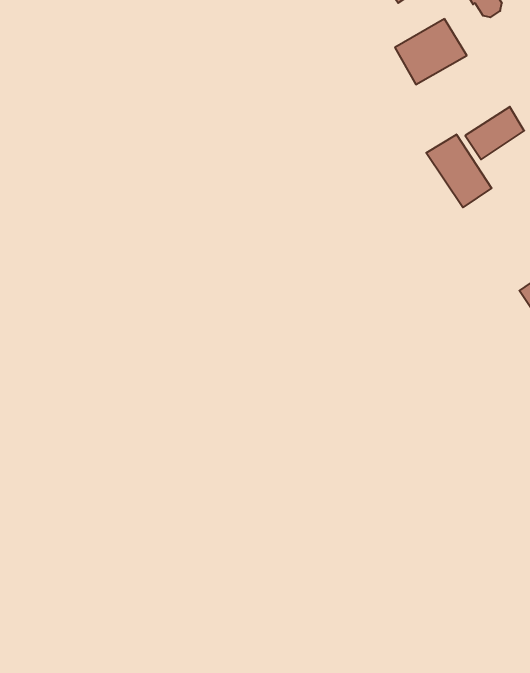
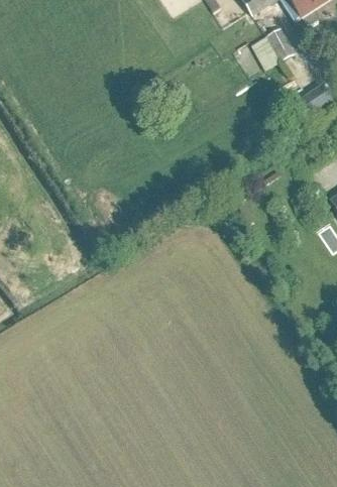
building: [426,134,492,207] -> none

